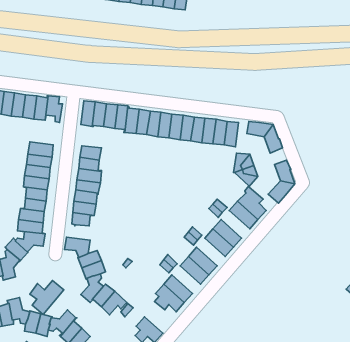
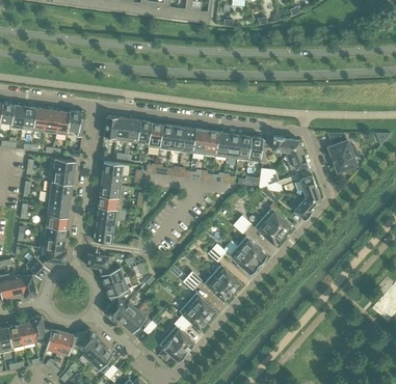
building: none -> [328,133,359,171]
building: [30,281,64,314] -> none
building: none -> [168,319,195,351]

